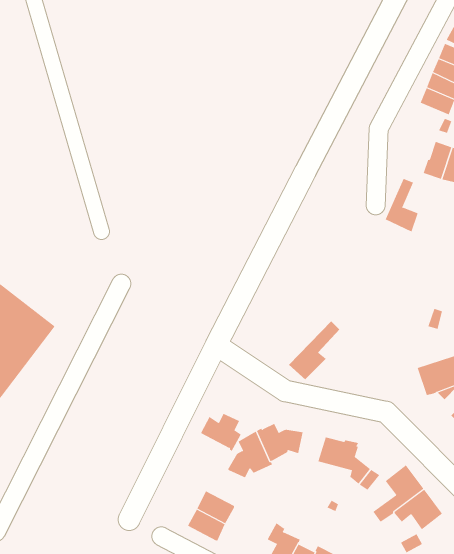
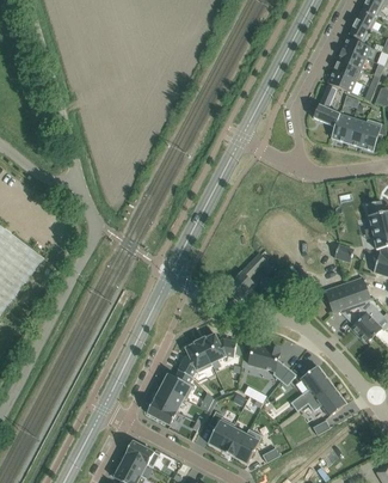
building: [385,178,418,232] -> [314,85,340,127]
building: [200,413,241,452] -> [161,369,193,399]

